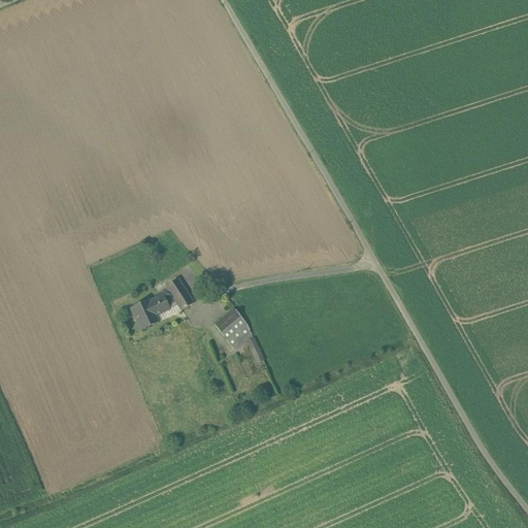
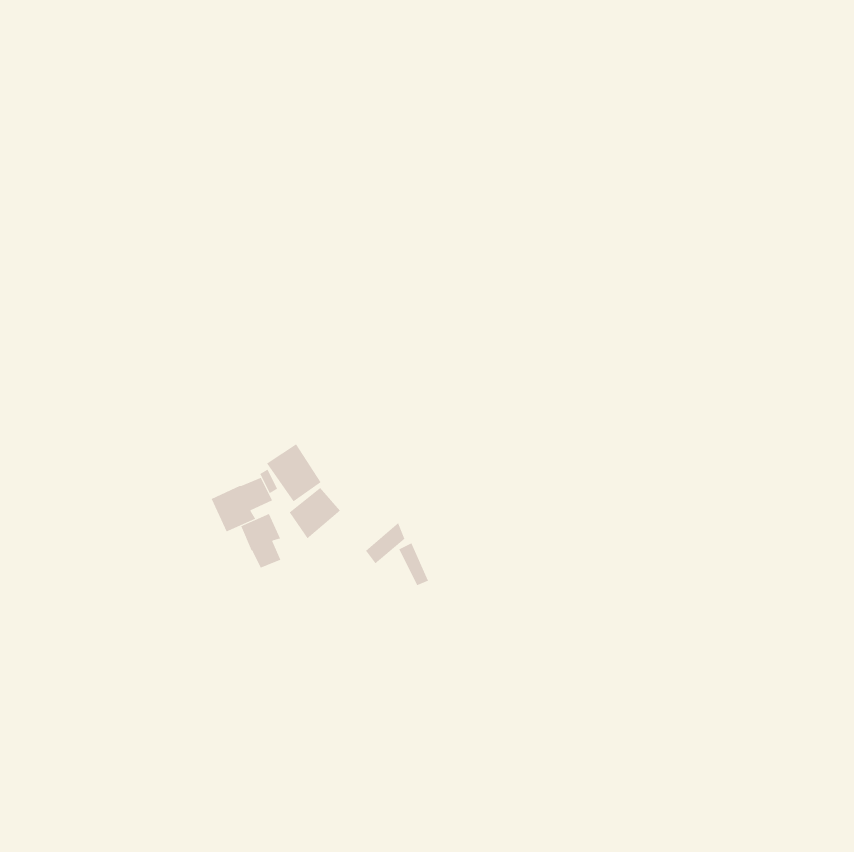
building: [213,307,245,339] -> [289,487,341,539]
building: none -> [241,513,281,568]

